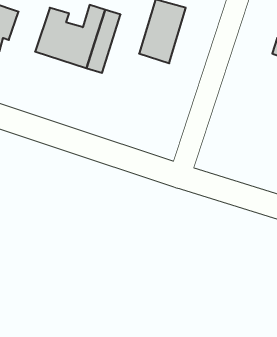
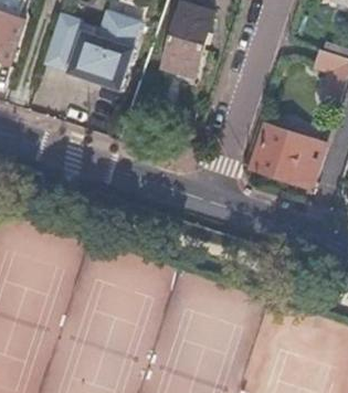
building: none -> [253,127,310,182]

